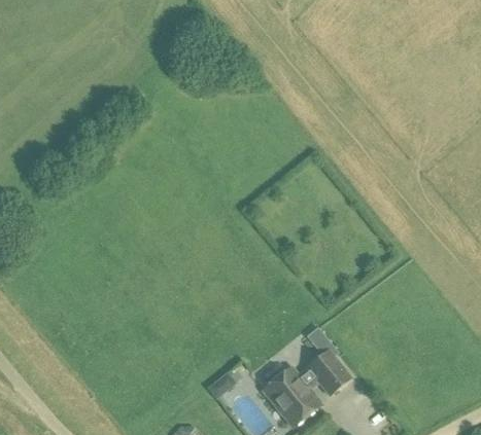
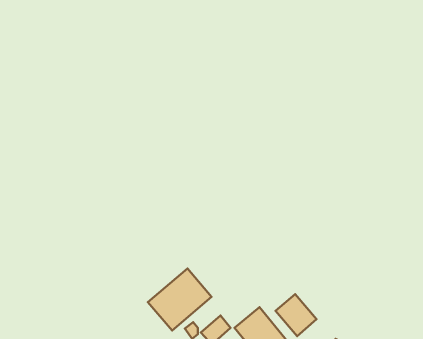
building: none -> [148,269,212,331]

